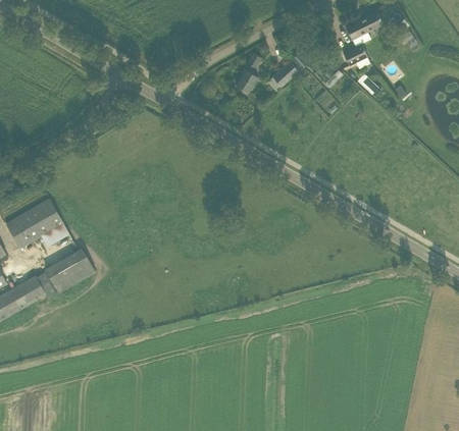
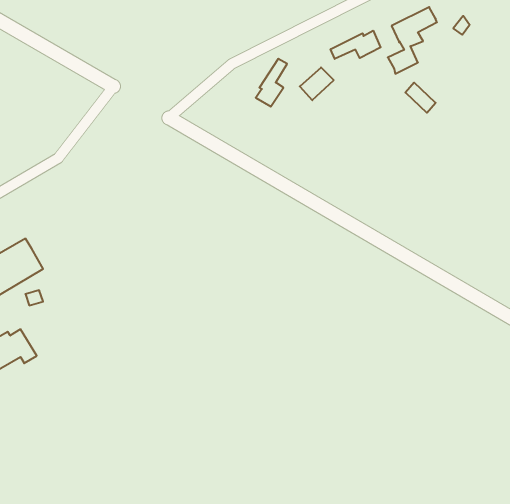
building: none -> [331,31,381,59]
building: [44,248,96,292] -> none

